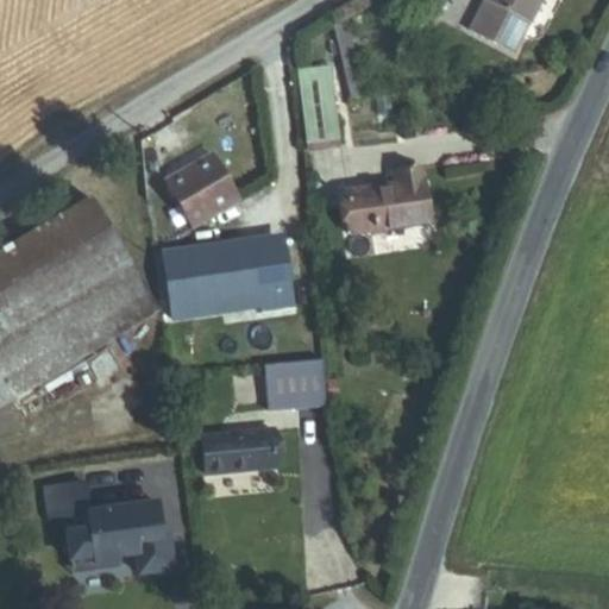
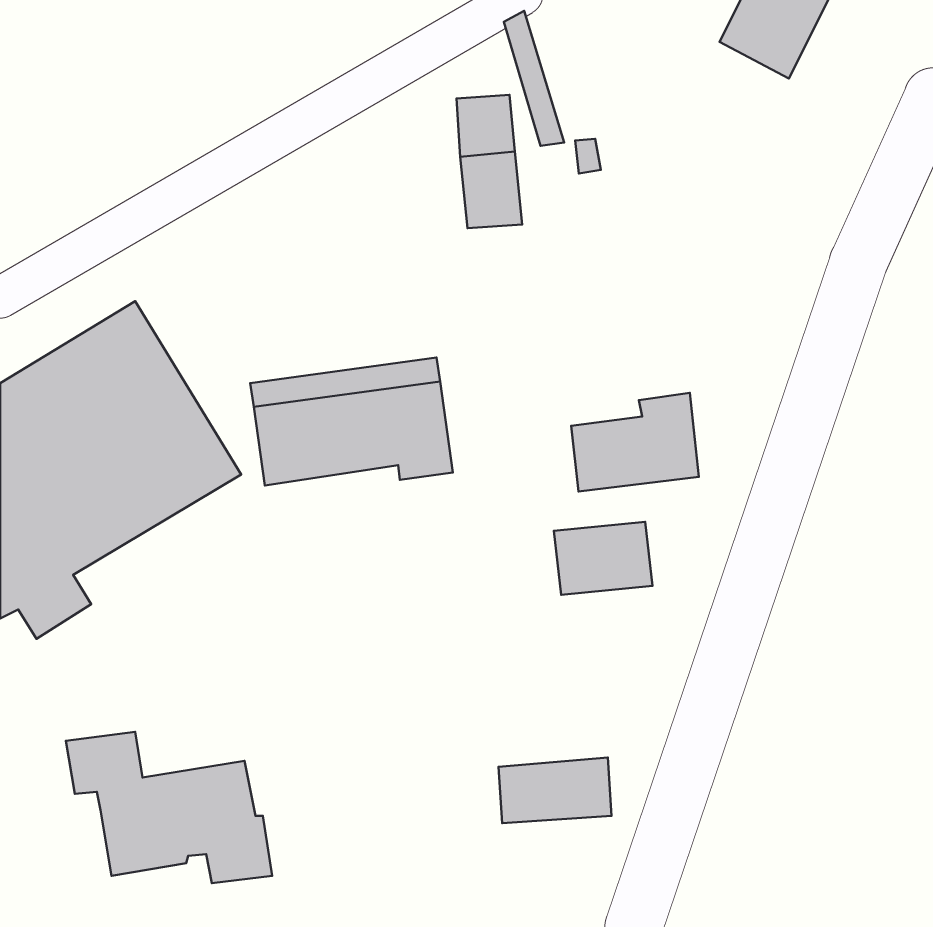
building: [164,150,237,224] -> none
building: [347,168,431,232] -> [571,393,699,491]
building: [264,359,328,407] -> [554,522,652,595]
building: [202,429,276,472] -> [498,758,612,823]

